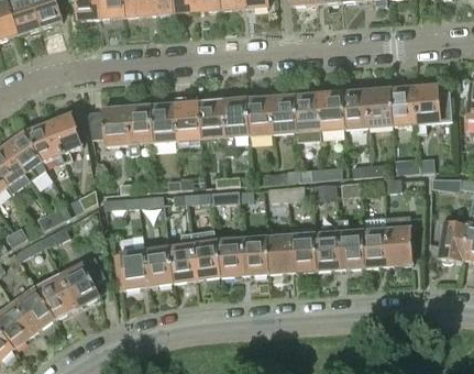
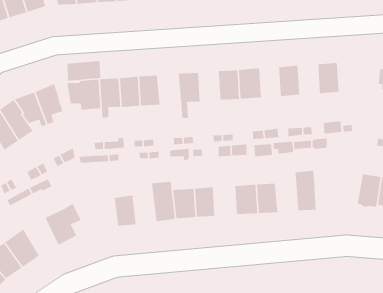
building: none -> [67,60,101,81]
building: [414,86,453,134] -> none
building: [366,89,392,127] -> none
building: [320,92,344,130] -> none
building: [246,94,272,135] -> none
building: [197,100,224,139] -> none
building: [338,218,365,268] -> none
building: [386,227,414,265] -> none
building: [114,234,148,289] -> none
building: [264,235,291,273] -> none
building: [167,243,195,283] -> none
building: [35,274,77,320] -> none

